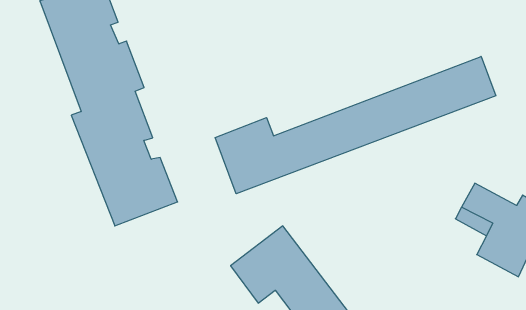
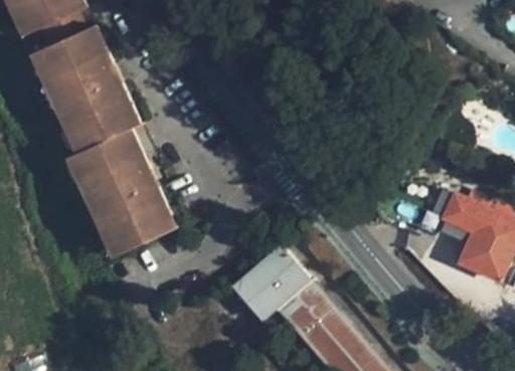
building: [215,56,496,194] -> none

